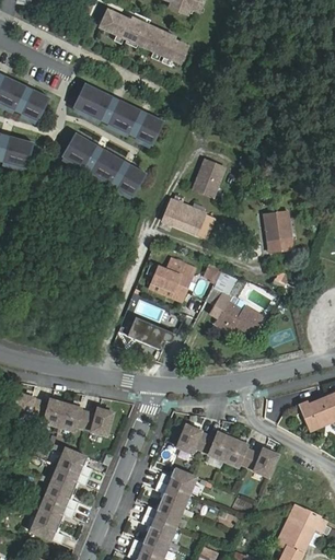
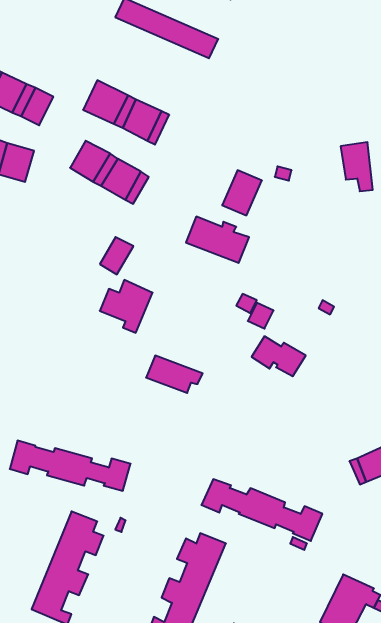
building: [135,113,163,145] -> none
building: [116,165,145,197] -> [100,237,133,274]
building: [264,210,291,252] -> [341,142,373,191]
building: [150,257,195,302] -> [100,280,153,333]

